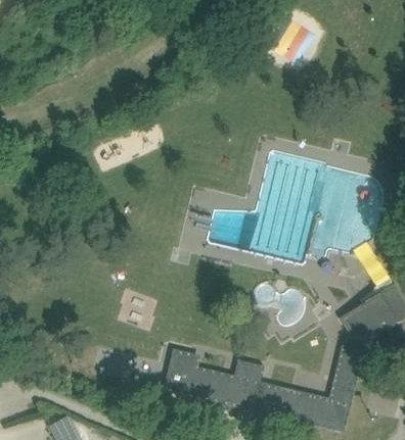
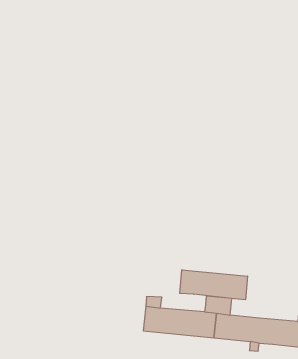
building: none -> [180,270,248,300]

